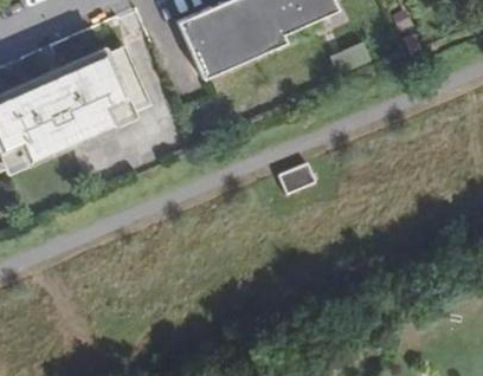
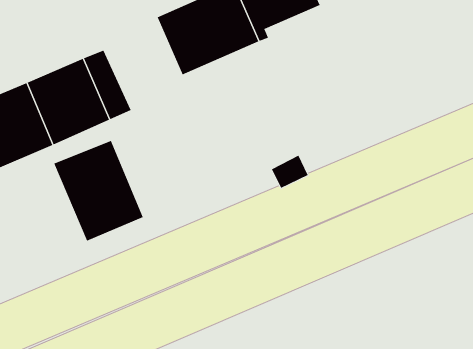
building: none -> [53,140,144,242]

